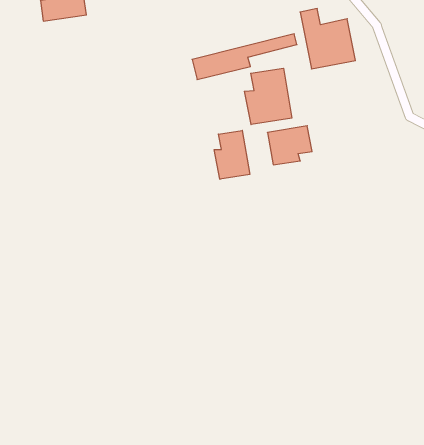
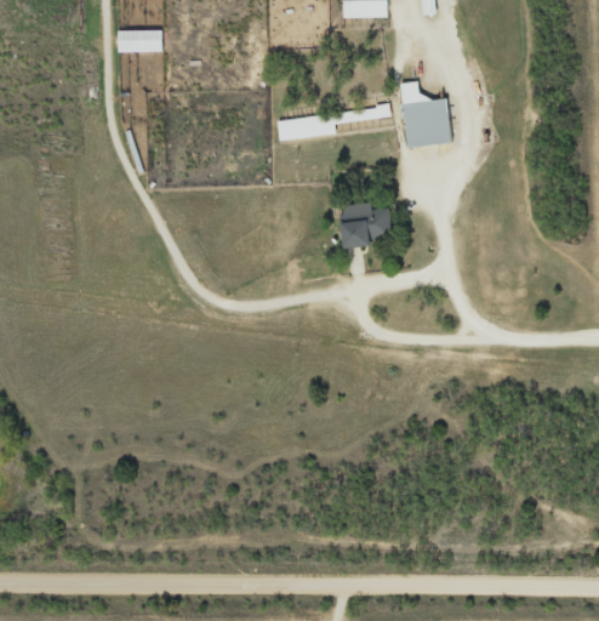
building: [244,68,292,125] -> none
building: [214,130,250,179] -> none

